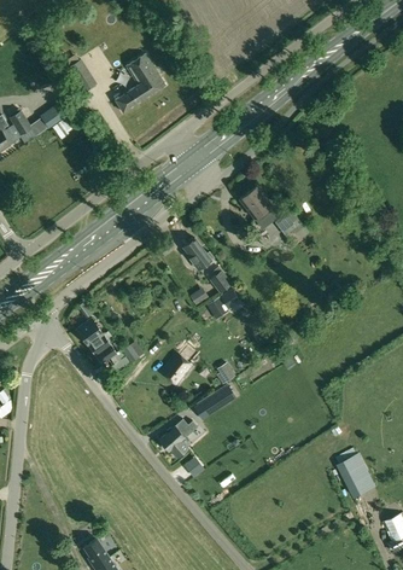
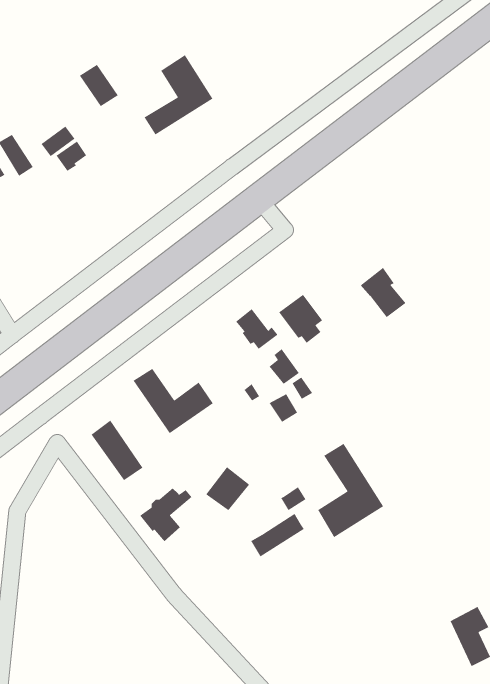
building: [238,185,270,221] -> [278,294,323,344]
building: none -> [133,368,214,434]
building: none -> [317,443,384,538]
building: [157,419,195,459] -> [139,487,192,542]

